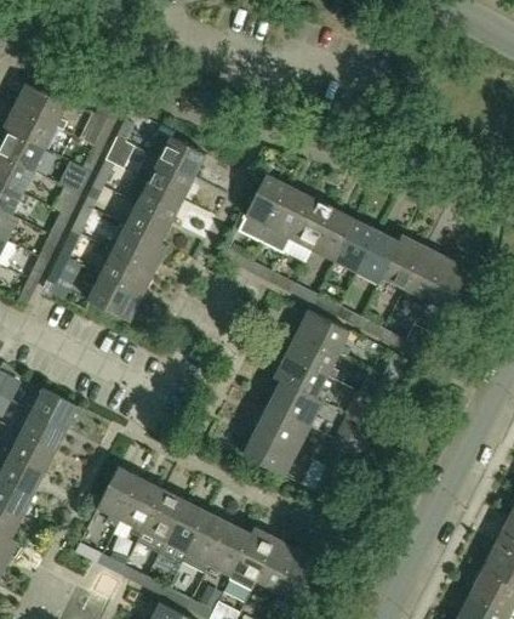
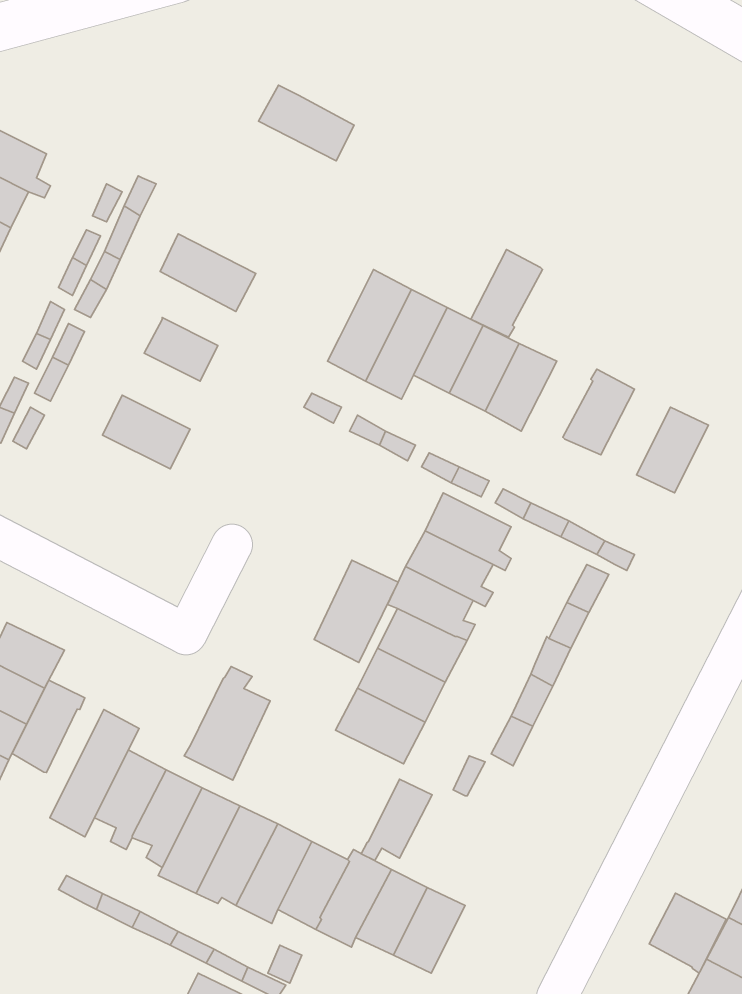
building: [147,130,205,176] -> [259,85,354,161]
building: [124,175,182,220] -> none
building: [105,225,167,271] -> none
building: [355,229,399,283] -> [471,249,543,337]
building: [404,246,446,299] -> none
building: [87,274,142,320] -> none
building: none -> [314,560,398,662]
building: none -> [184,666,270,780]
building: none -> [12,680,85,773]
building: none -> [50,710,139,837]
building: none -> [361,779,432,861]
building: none -> [649,893,726,973]

